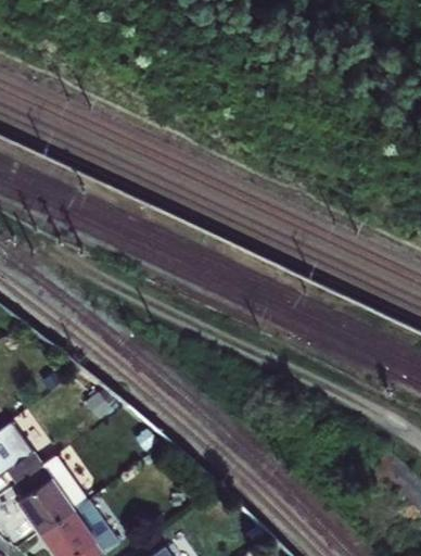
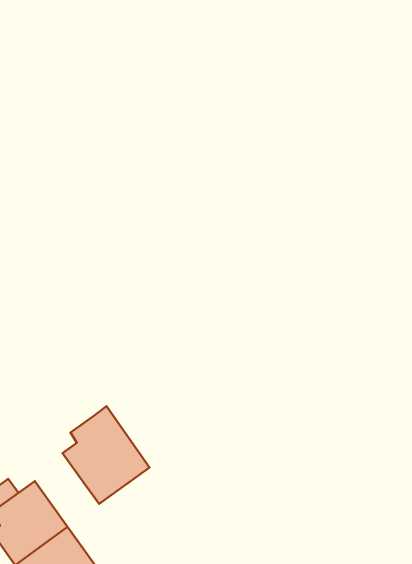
building: none -> [62,406,150,504]

